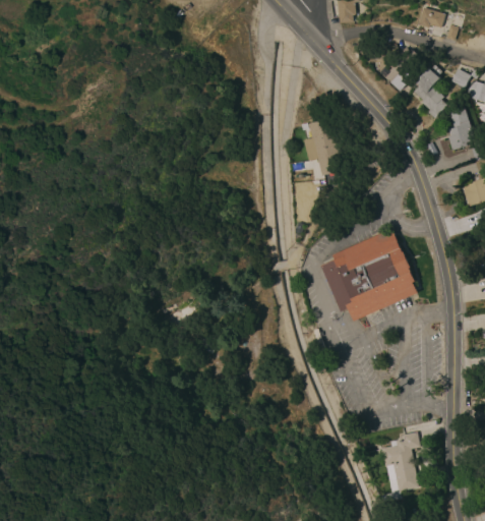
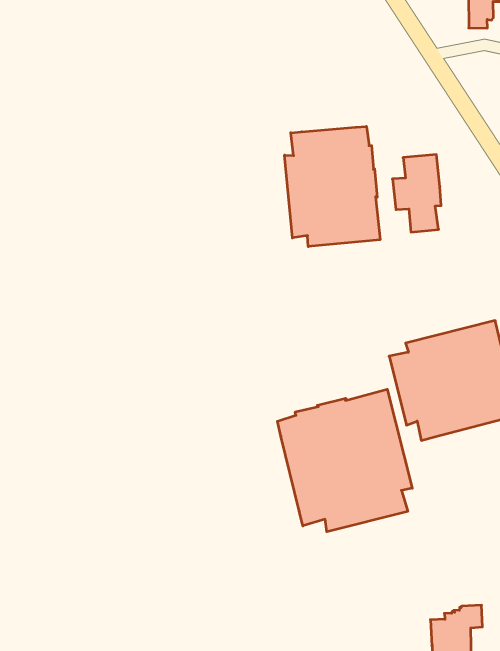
building: none -> [285,126,380,247]
building: none -> [277,389,412,532]

